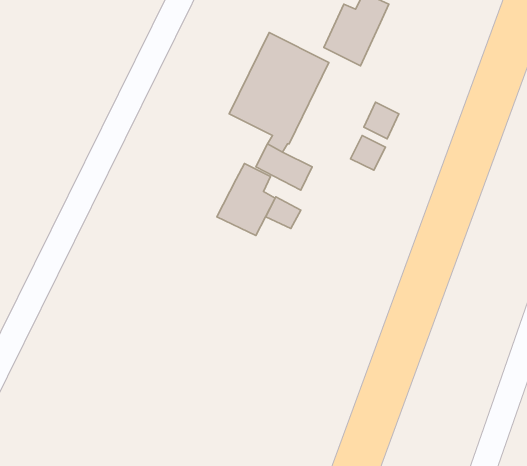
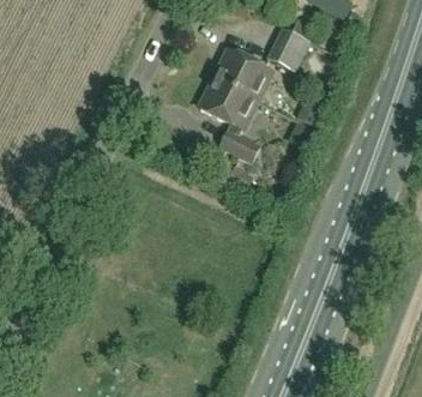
building: [217,163,275,236] -> none

